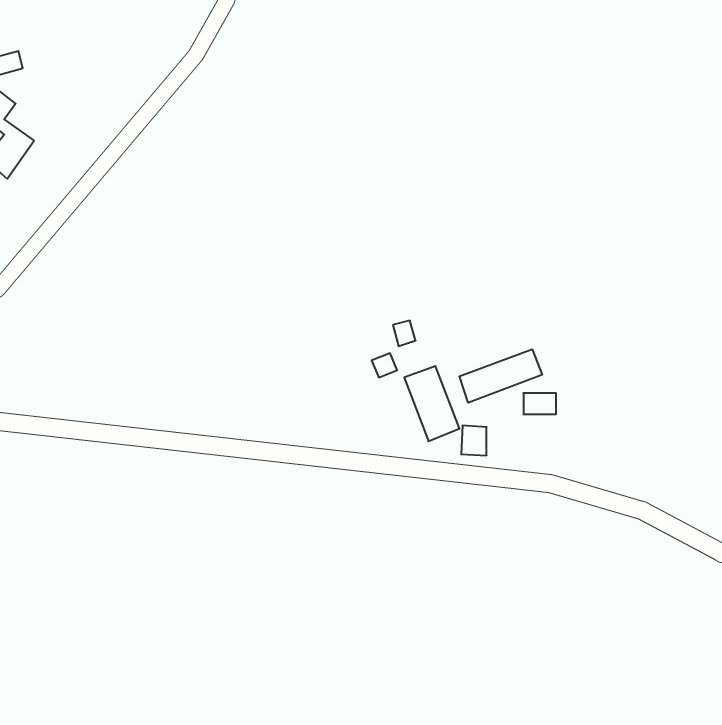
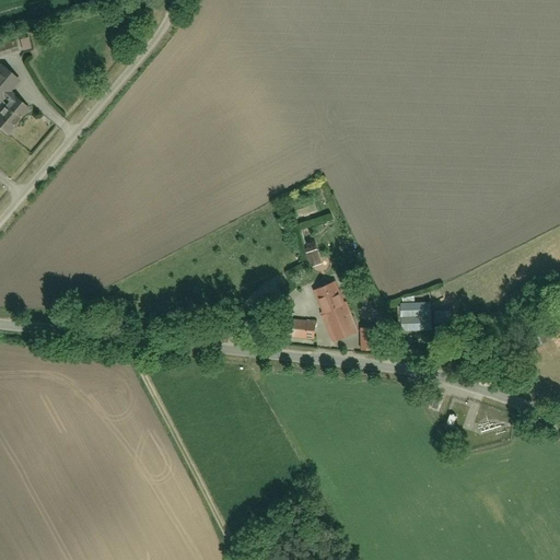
building: [459,349,542,403] -> none
building: none -> [282,319,314,341]

